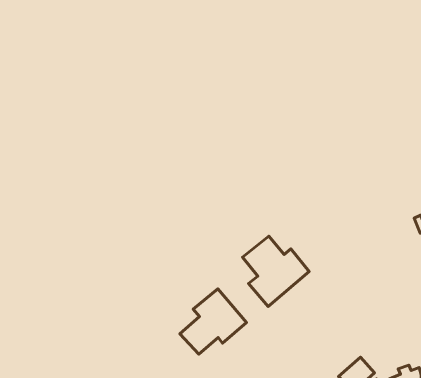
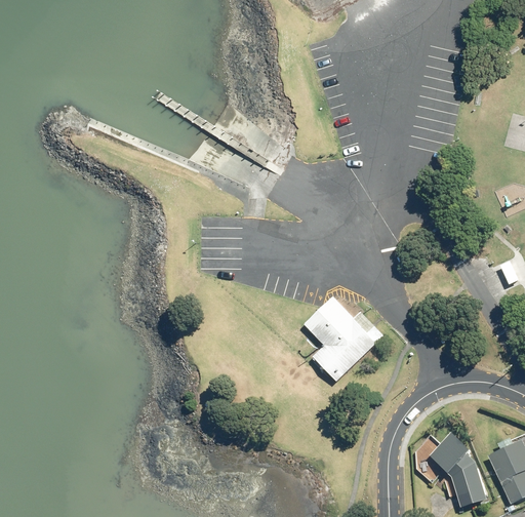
building: [180,289,246,354] -> none

